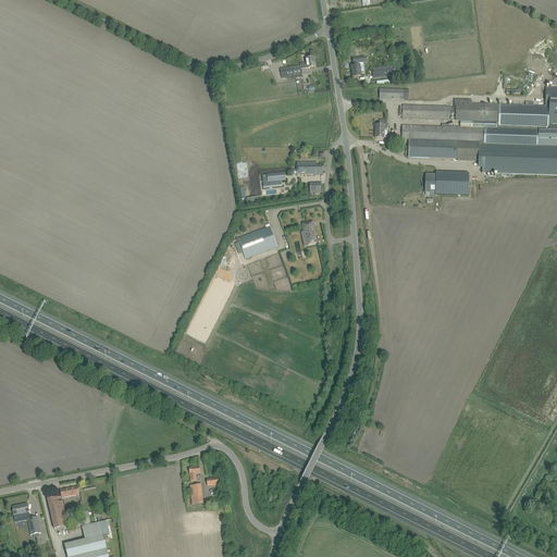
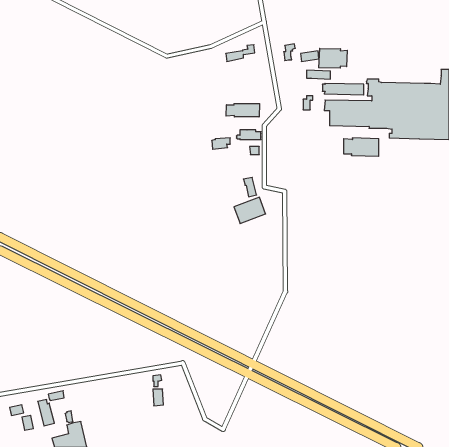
building: none -> [319,48,347,68]
building: none -> [226,104,260,117]
building: [238,225,277,258] -> [234,197,266,224]

